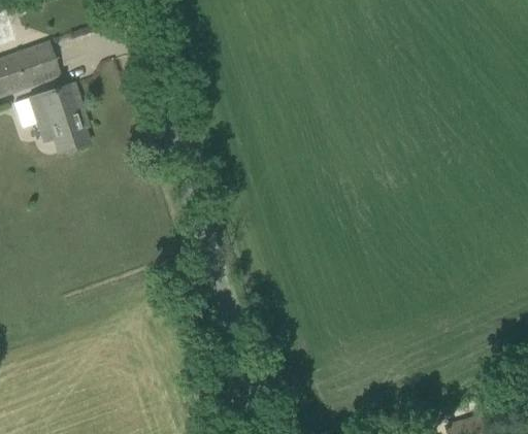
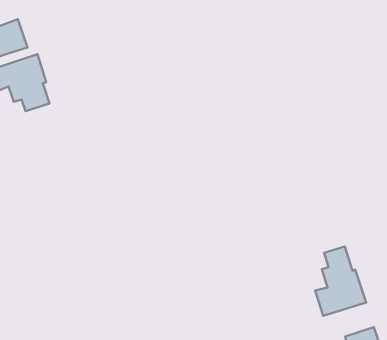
building: none -> [315,246,366,316]

